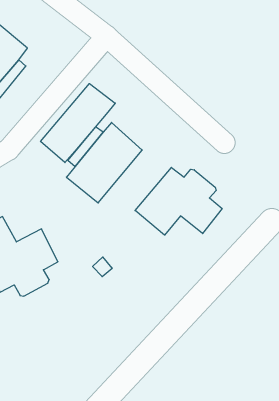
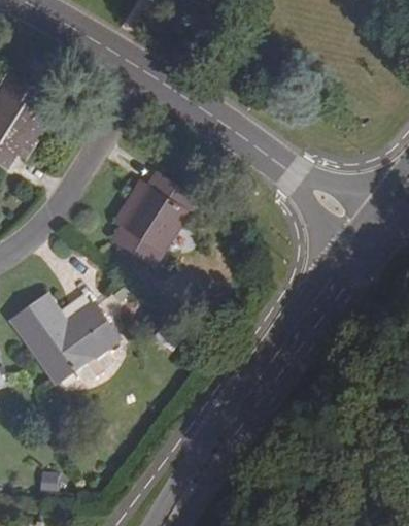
building: [41,84,115,163] -> none
building: [135,167,222,235] -> none

